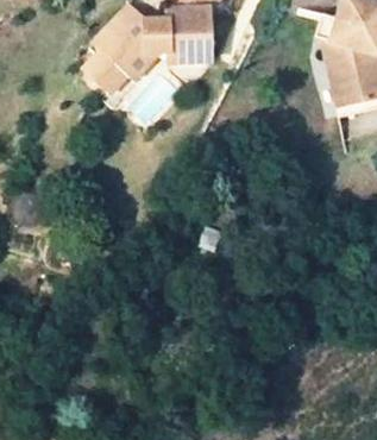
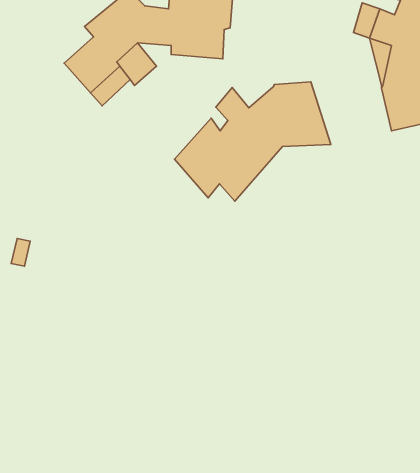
building: none -> [174,82,331,201]

